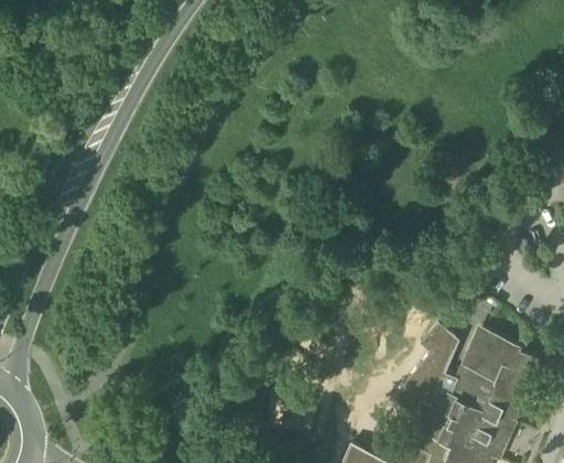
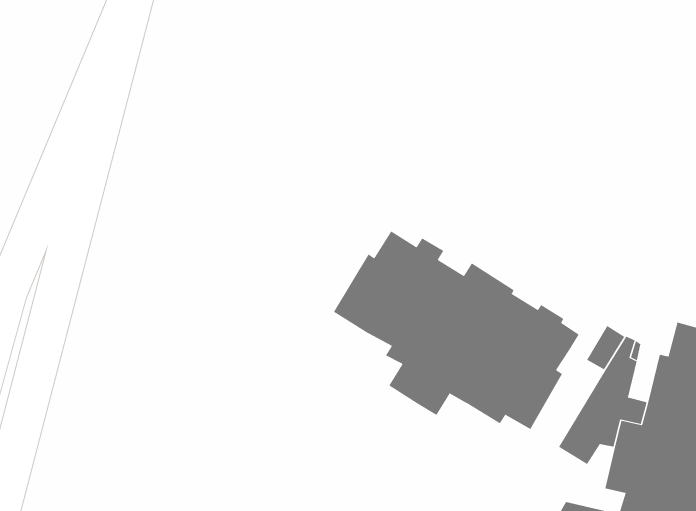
building: none -> [333,231,579,430]

